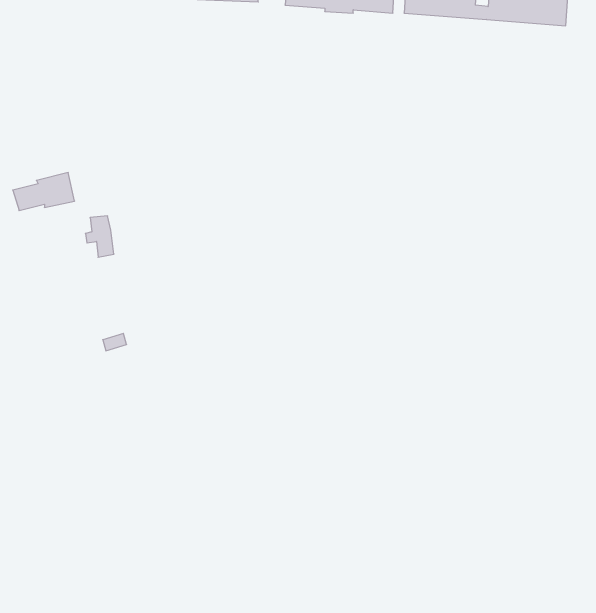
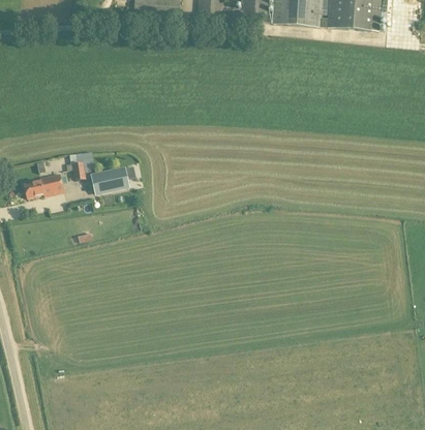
building: [13,173,75,211] -> [23,173,63,197]
building: none -> [91,166,127,193]

